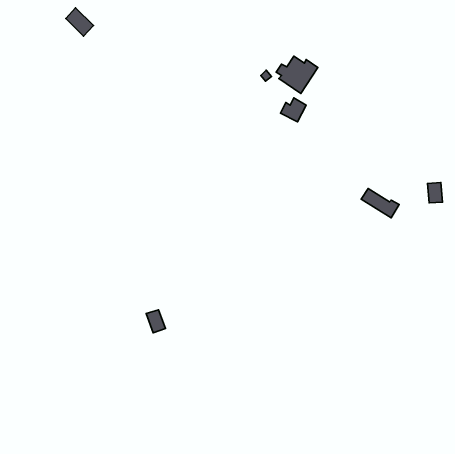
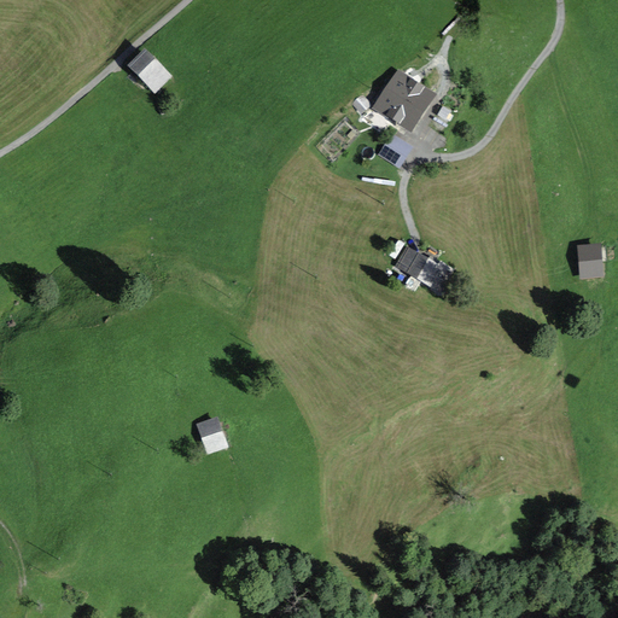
building: [66,8,93,36] -> [130,52,168,91]
building: [361,188,399,218] -> [398,250,450,290]

